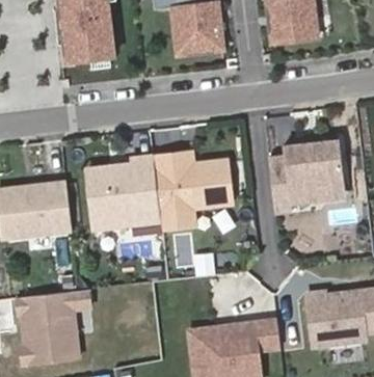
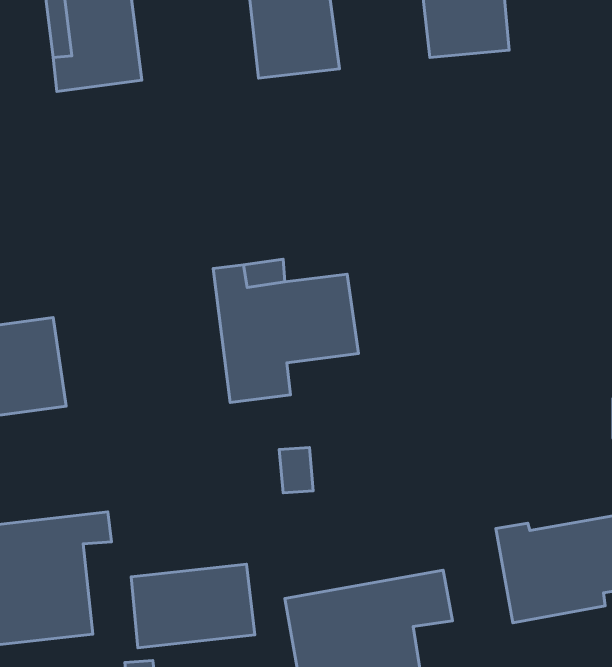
building: [265,137,341,211] -> none
building: [76,155,150,228] -> none
building: none -> [131,564,255,648]

